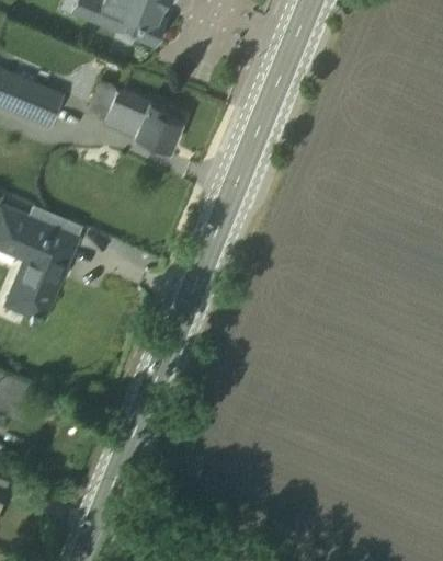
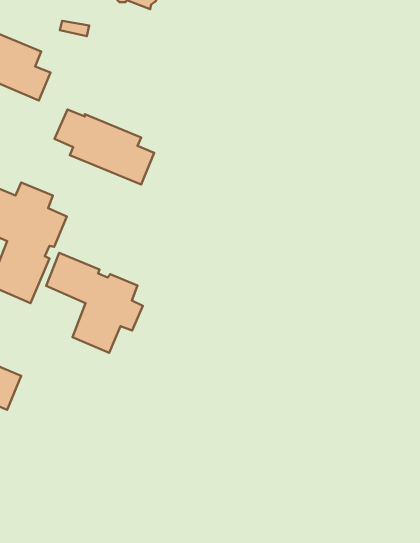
building: [89,81,182,151] -> [54,110,154,184]
building: none -> [46,253,143,353]

